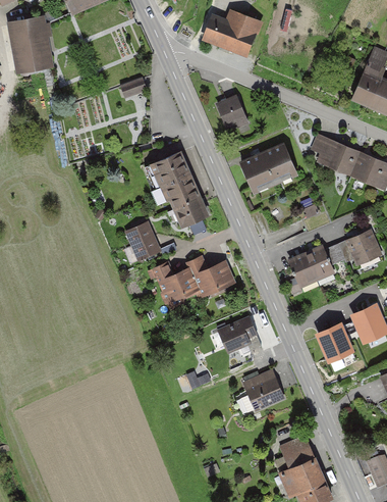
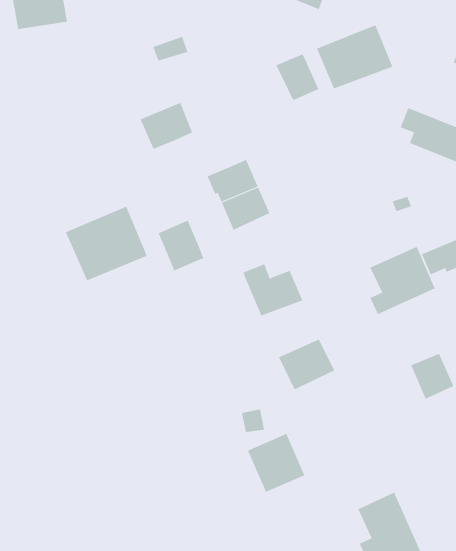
building: [239,143,298,193] -> [316,25,393,89]
building: [151,151,191,188] -> [140,102,193,150]
building: none -> [65,206,147,281]
building: [153,261,203,310] -> none
building: [241,367,286,413] -> [247,433,305,493]

